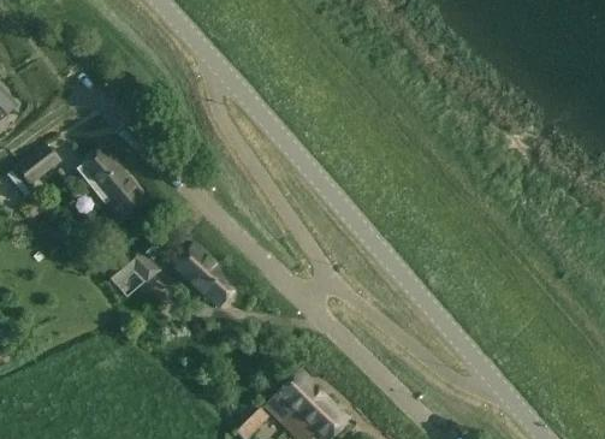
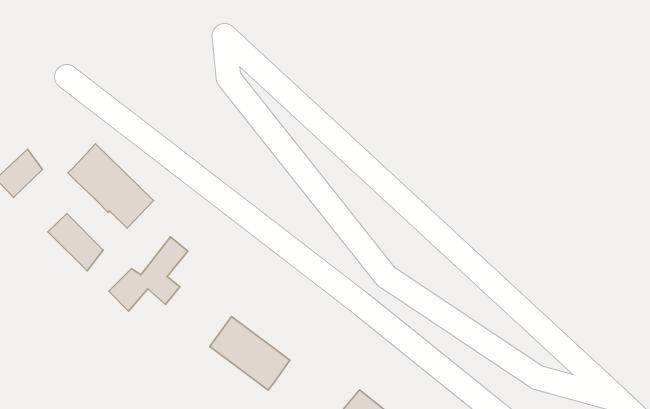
building: none -> [48,214,103,271]
building: [174,244,239,308] -> [210,316,290,390]

